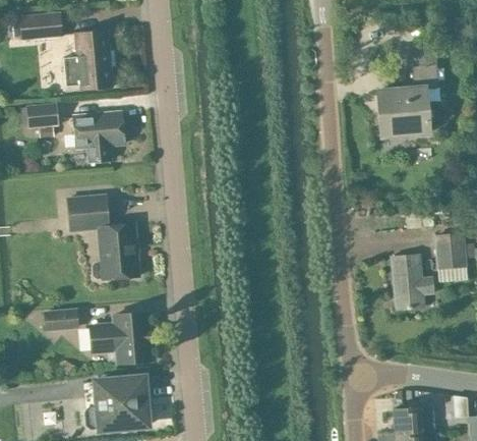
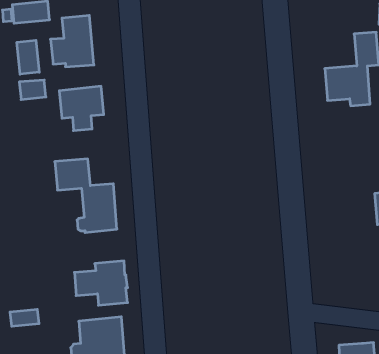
building: none -> [17,40,39,74]
building: [392,255,434,310] -> none
building: [45,311,78,330] -> [10,309,39,326]

